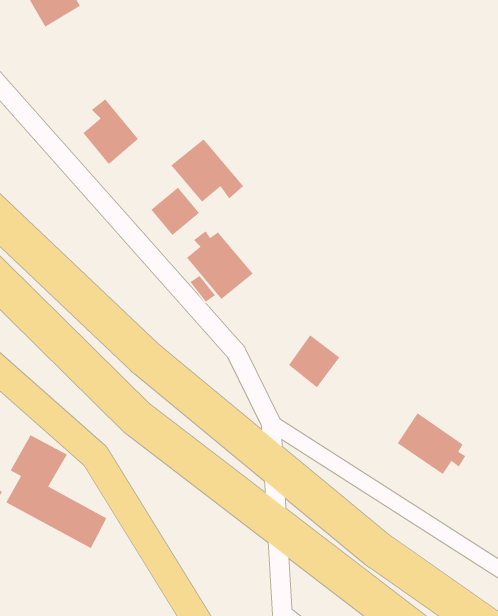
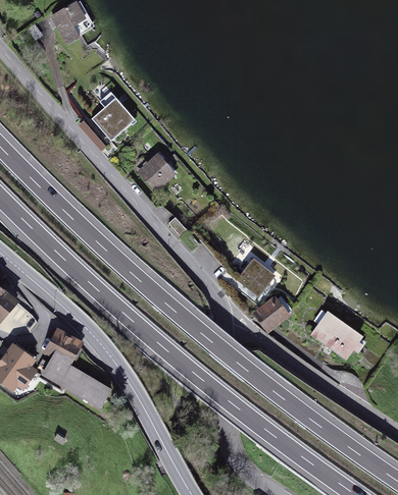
building: [171,138,244,202] -> none
building: [186,230,253,300] -> none
building: none -> [256,297,287,328]

